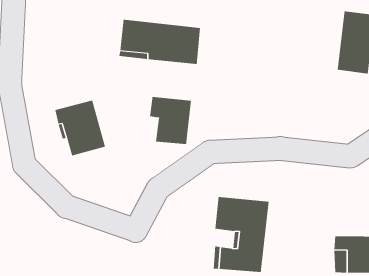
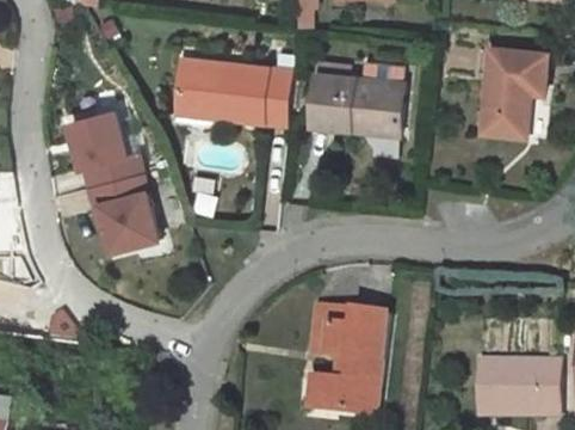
building: none -> [309,63,403,134]
building: none -> [67,110,141,186]
building: [149,96,191,145] -> none

